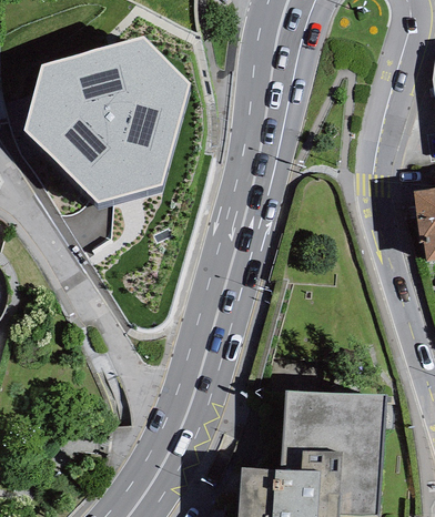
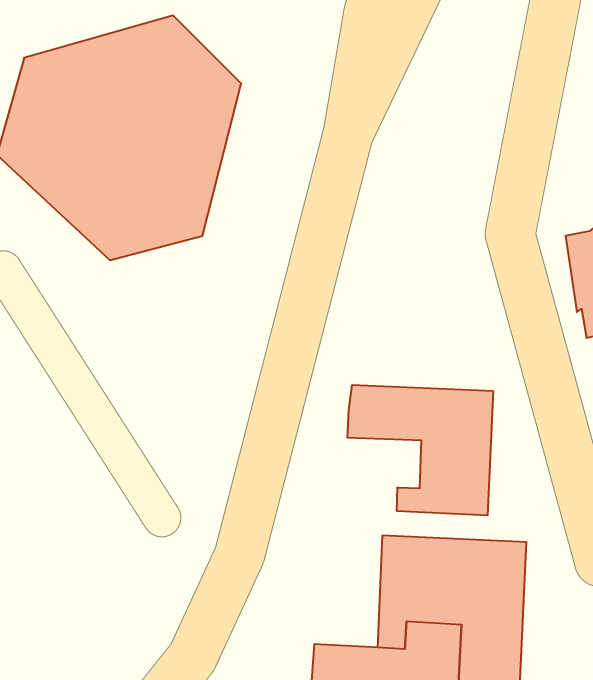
building: none -> [348,385,493,515]

